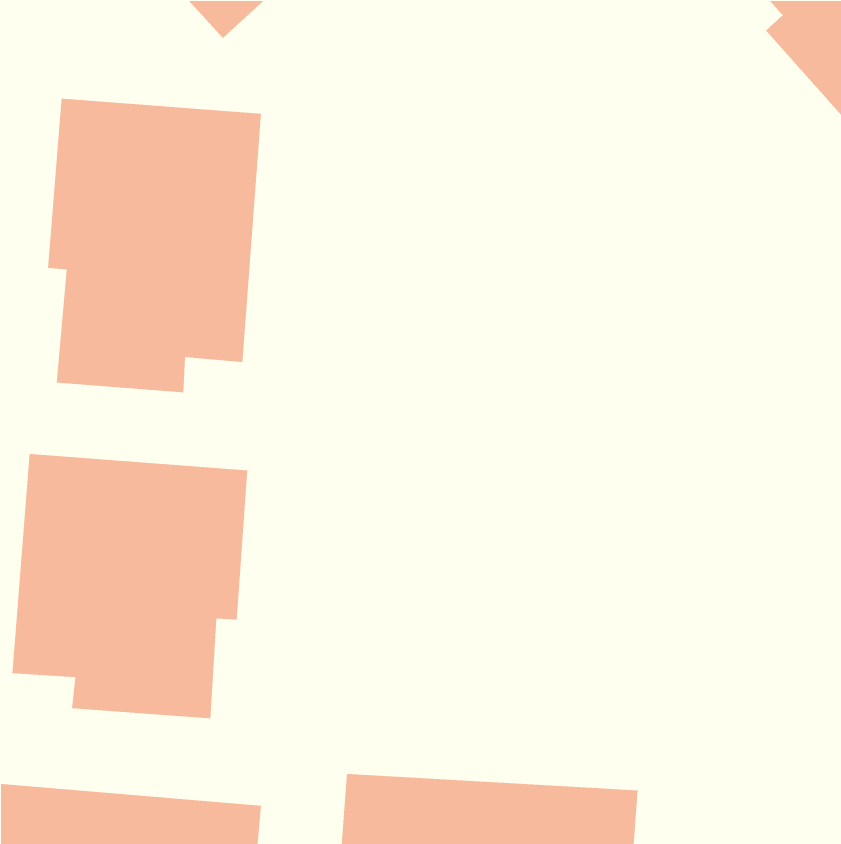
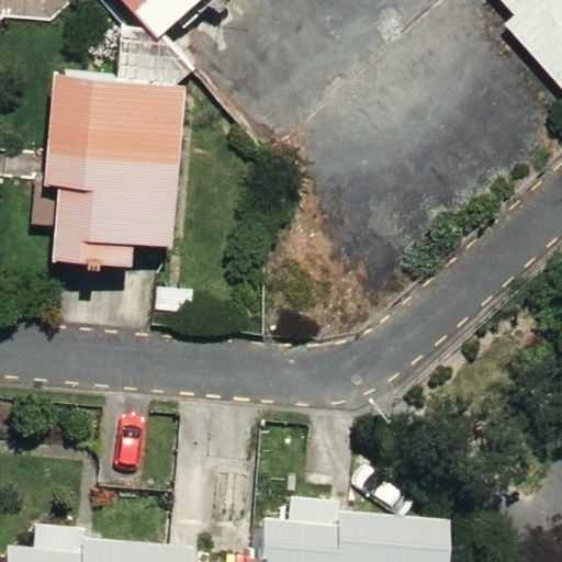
building: [12,453,248,719] -> none

